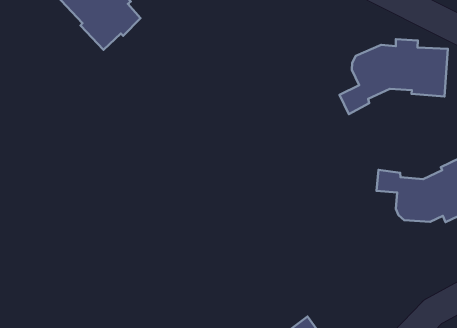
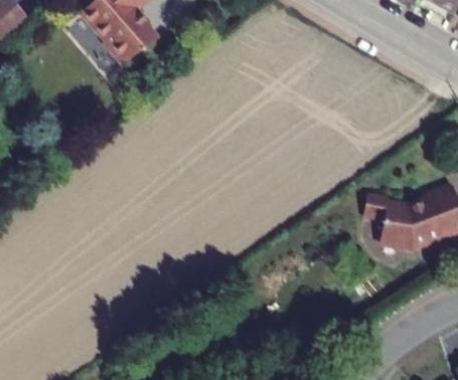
building: [339,39,448,114] -> none

